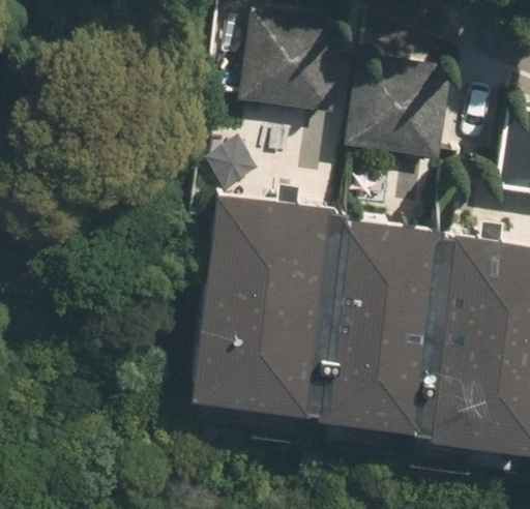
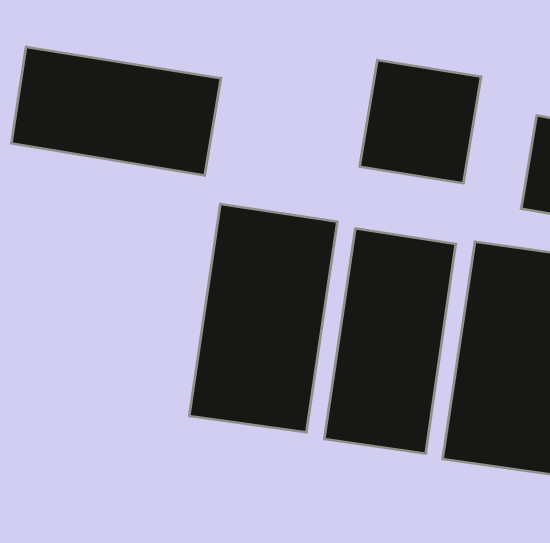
building: [238,14,350,125] -> none
building: none -> [11,47,221,176]

